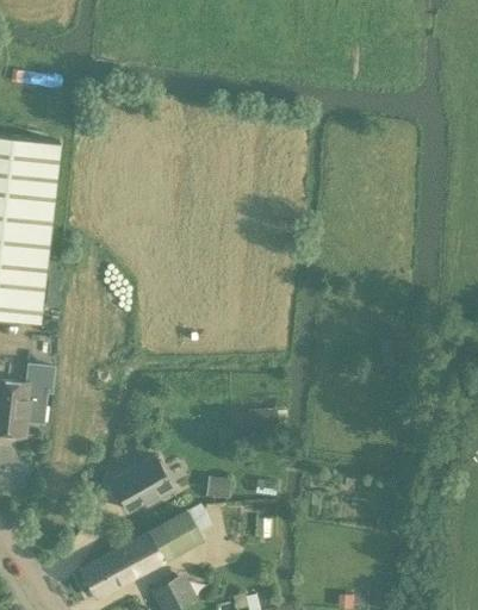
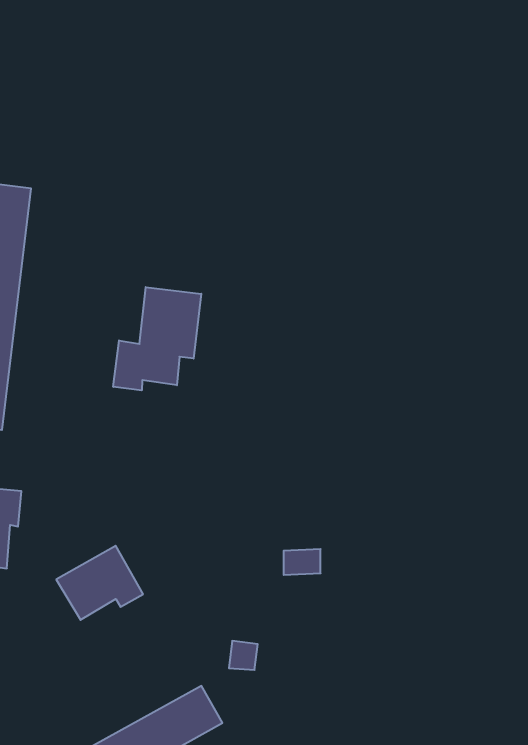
building: none -> [113,287,201,390]
building: [111,460,175,515] -> [56,546,143,620]

